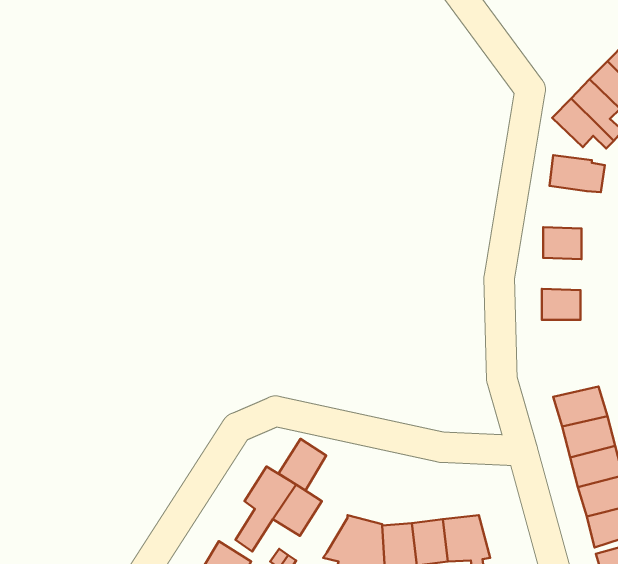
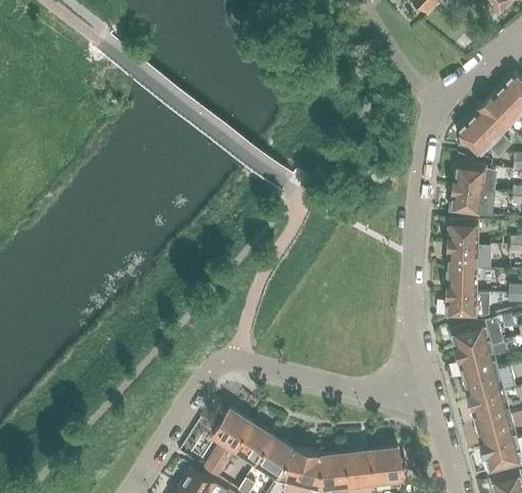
building: none -> [450,187,495,217]
building: none -> [448,244,479,270]
building: none -> [447,293,478,318]
building: none -> [451,318,504,354]
building: [279,439,326,490] -> [256,437,294,478]

